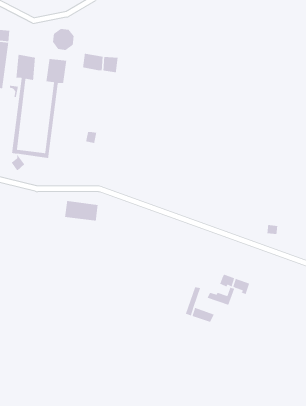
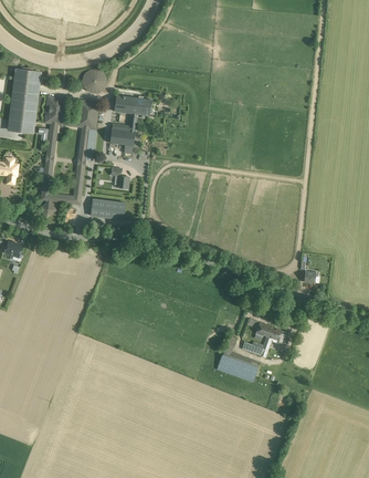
building: none -> [109,114,135,154]
building: [64,200,99,222] -> [89,198,125,220]

